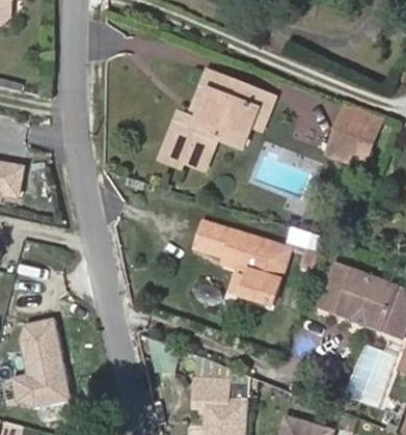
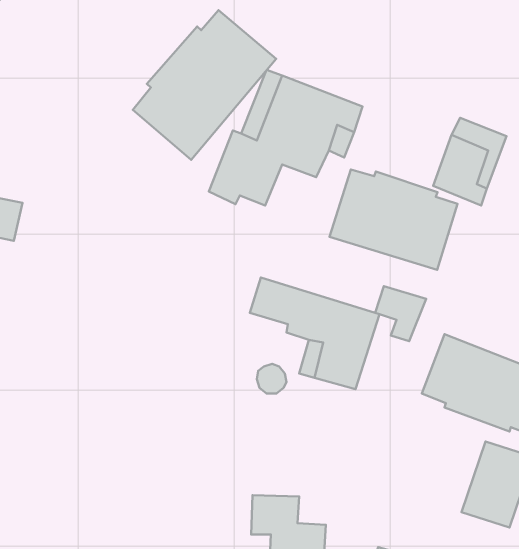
building: none -> [133,10,276,160]
building: none -> [330,170,458,270]
building: [13,317,74,408] -> none

